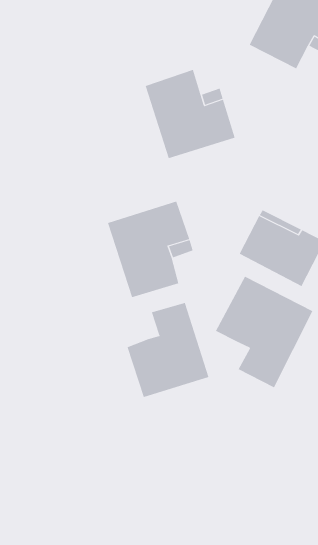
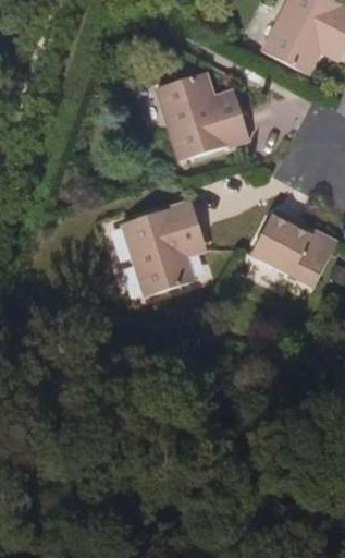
building: [215,276,313,388] -> none
building: [127,302,209,398] -> none

